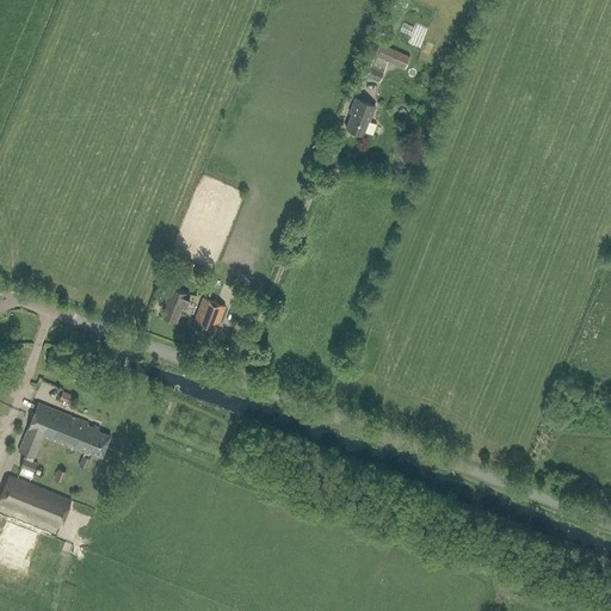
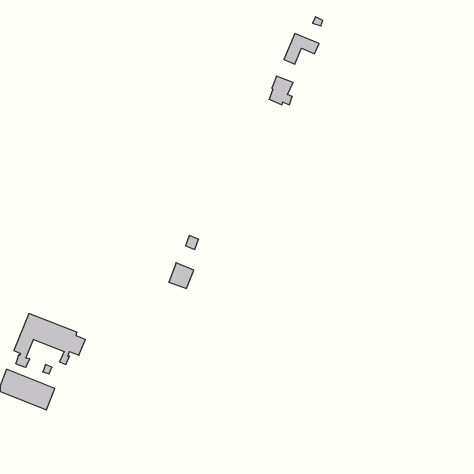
building: [162,288,189,322] -> none
building: [193,297,226,331] -> [169,263,194,289]

